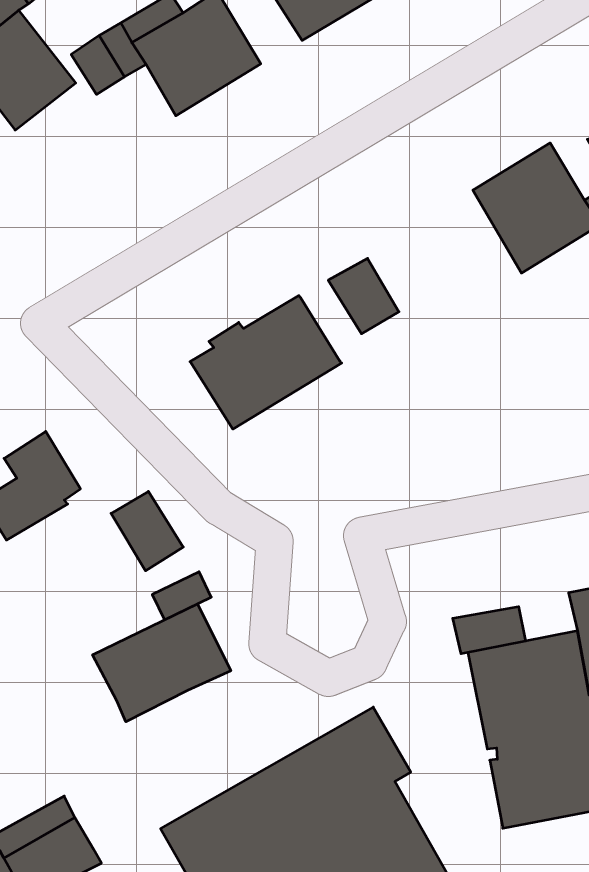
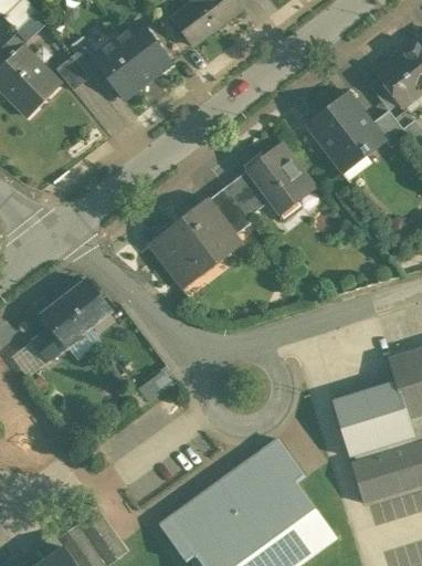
building: none -> [245,143,315,210]
building: none -> [209,187,252,234]
building: [111,491,183,571] -> [65,280,110,327]
building: [93,604,231,722] -> none
building: [453,607,526,654] -> none

